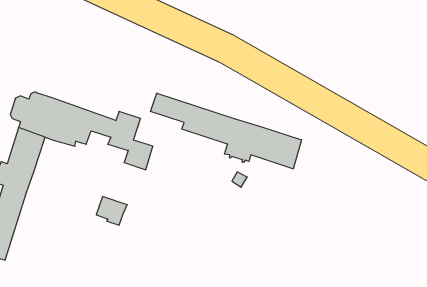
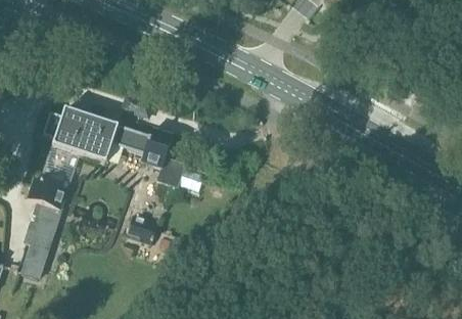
building: [150,93,302,169] -> none

